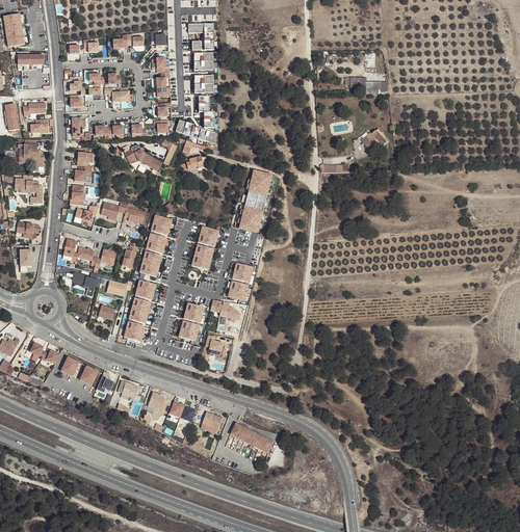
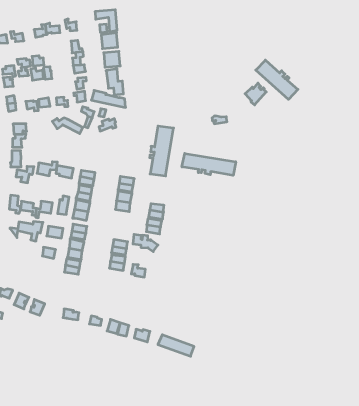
building: none -> [256,60,298,99]
building: none -> [182,153,236,175]

